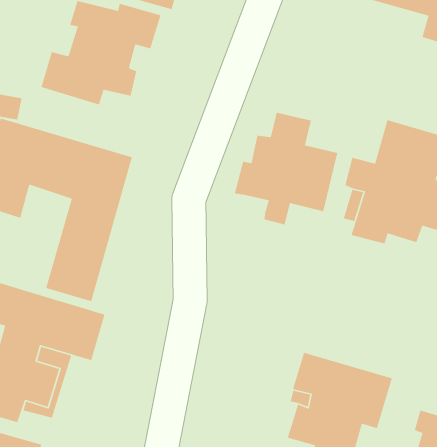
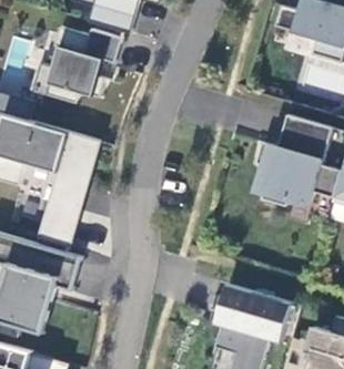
building: [234,112,338,225] -> none

